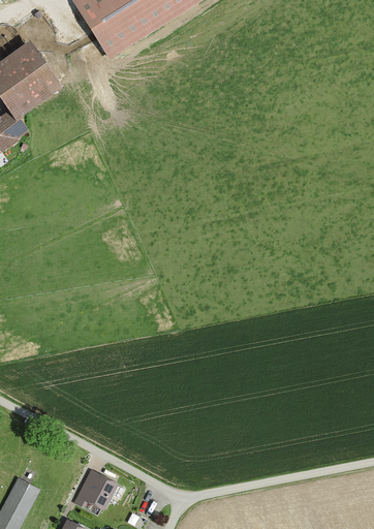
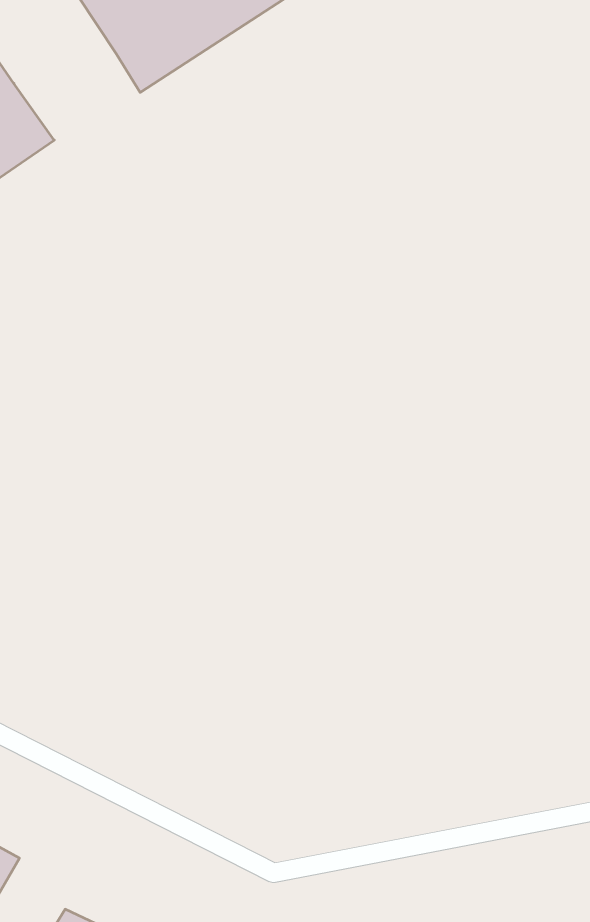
building: [77,475,117,511] -> none

